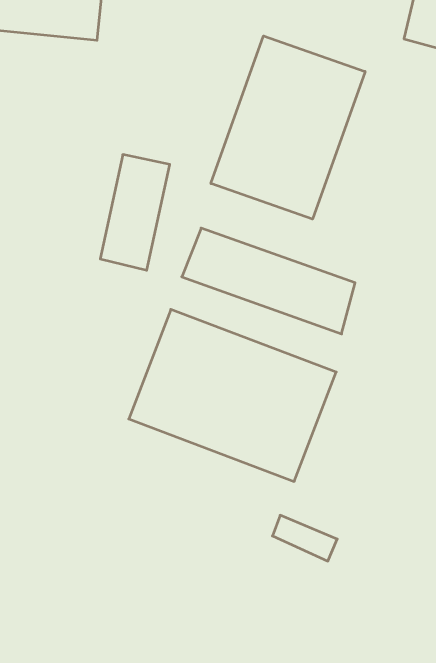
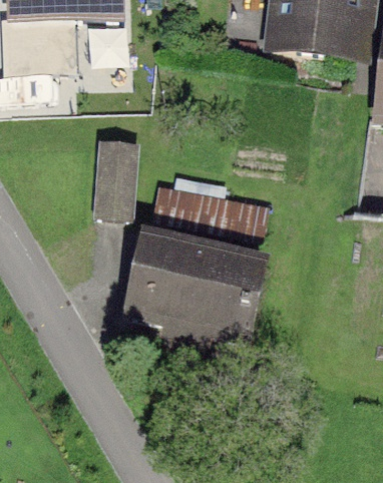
building: [211,36,365,219] -> none

